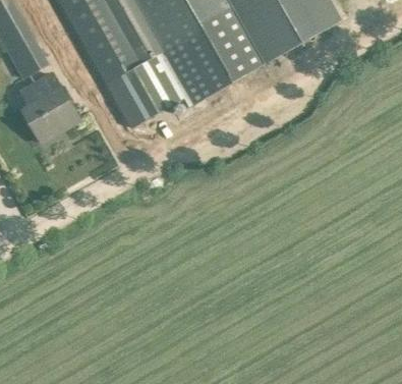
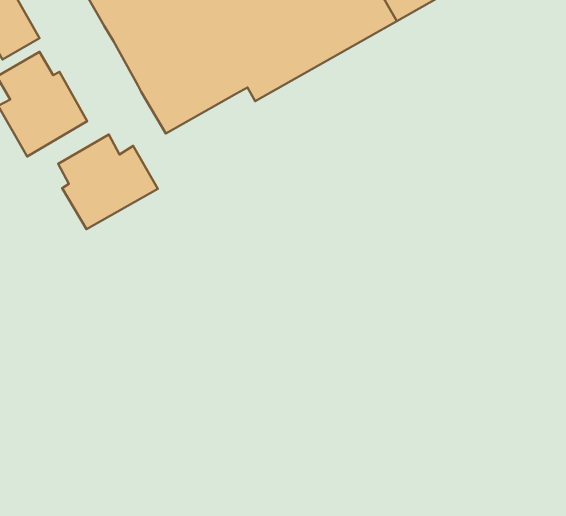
building: none -> [58,134,158,229]

